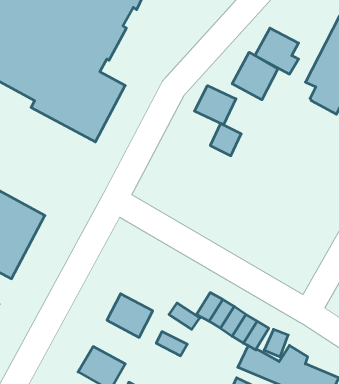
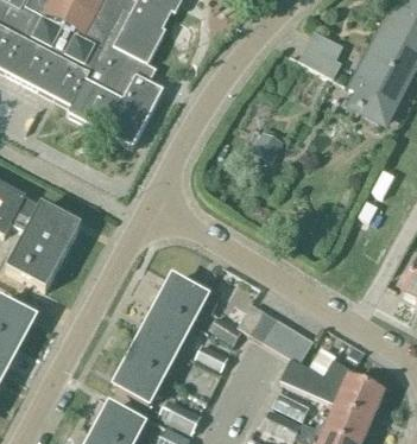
building: [232,52,278,100] -> none
building: [194,86,236,125] -> none
building: none -> [158,277,207,322]
building: none -> [129,331,177,376]

